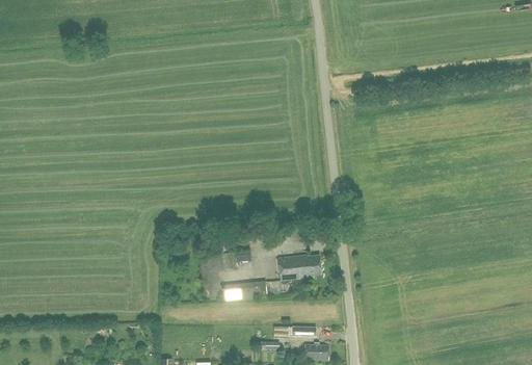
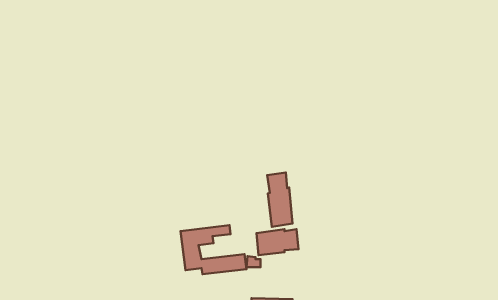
building: none -> [267,173,292,227]

